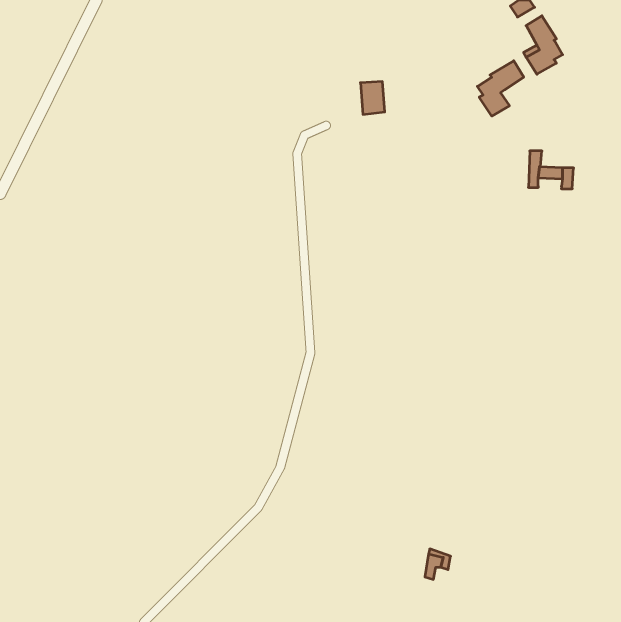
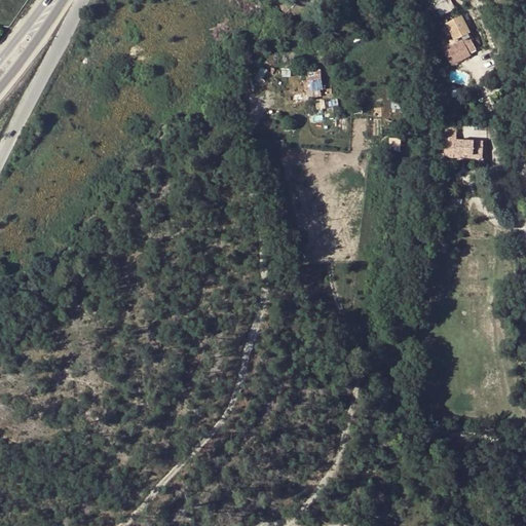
building: [477,61,524,116] -> none

